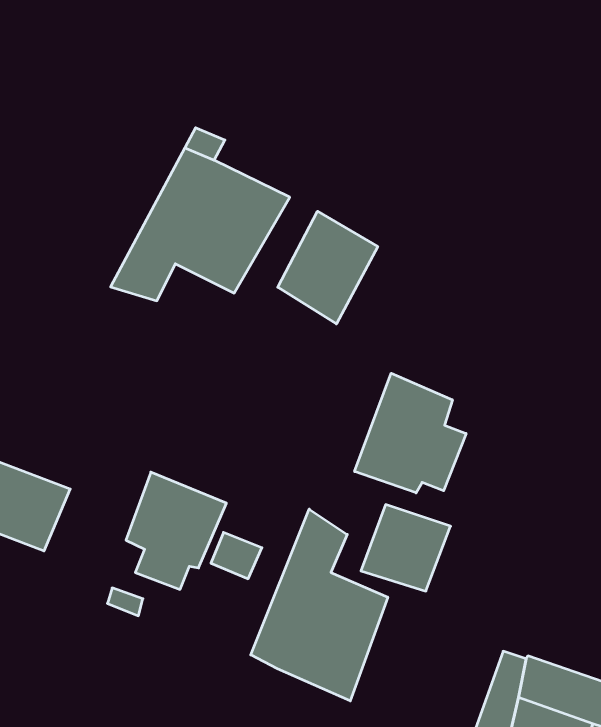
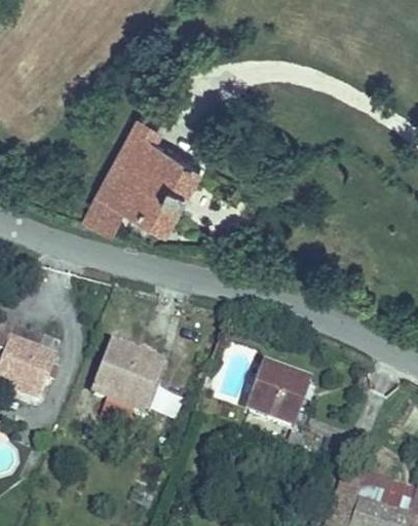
building: [278,211,378,324] -> none
building: [355,373,466,493] -> none
building: [251,509,388,701] -> none

